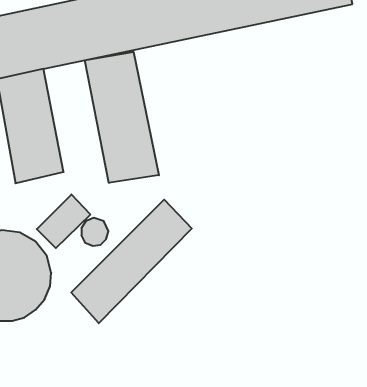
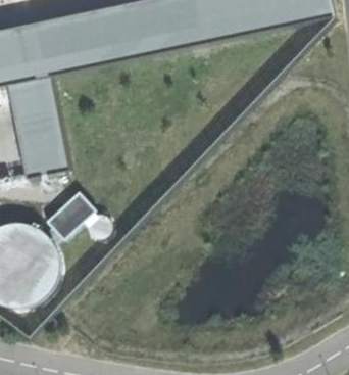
building: [85,52,159,183] -> none
building: [71,200,192,323] -> none

